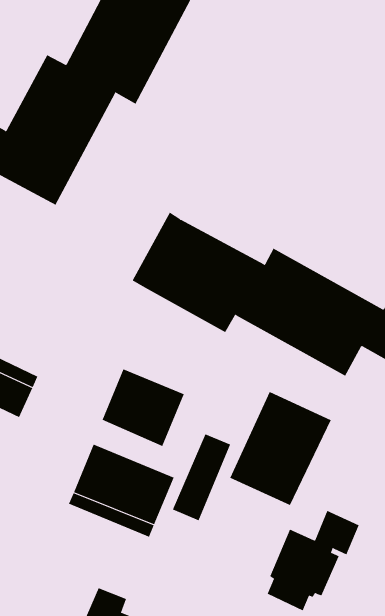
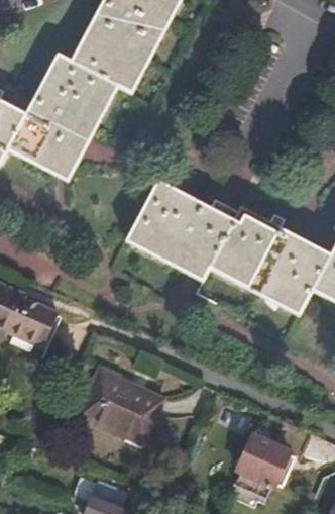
building: [102,368,185,447] -> none
building: [229,391,331,506] -> none
building: [172,434,231,521] -> none

